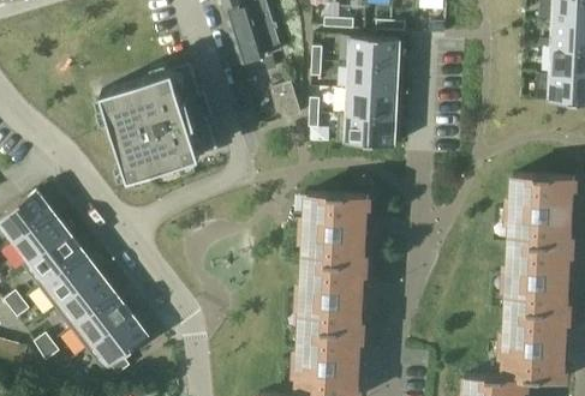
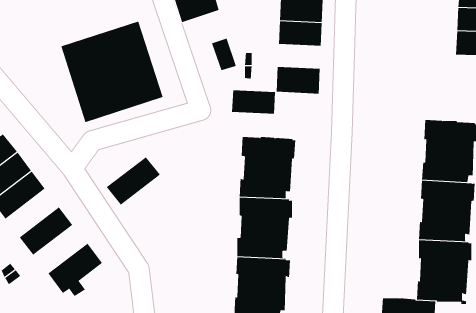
building: [347,90,398,118] -> [231,90,276,114]
building: [40,253,101,308] -> none
building: [71,294,133,349] -> [106,157,161,205]

